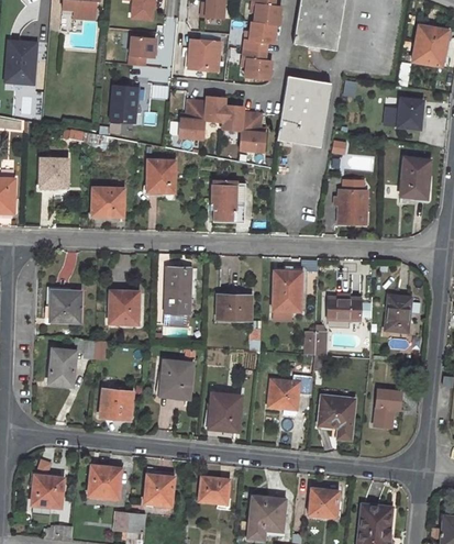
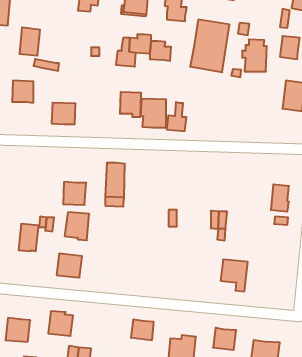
building: [110,85,137,122] -> [19,27,40,55]
building: [240,112,266,151] -> [167,102,186,131]
building: [146,158,175,191] -> [120,92,141,117]
building: [334,180,367,223] -> [242,39,267,72]
building: [273,271,301,311] -> none
building: [49,290,80,322] -> none
building: [217,295,251,319] -> none
building: [326,297,361,320] -> none
building: [159,360,192,398] -> [65,212,89,240]
building: [267,375,312,409] -> none
building: [374,389,400,428] -> none
building: [208,392,241,431] -> none
building: [143,470,175,504] -> none

